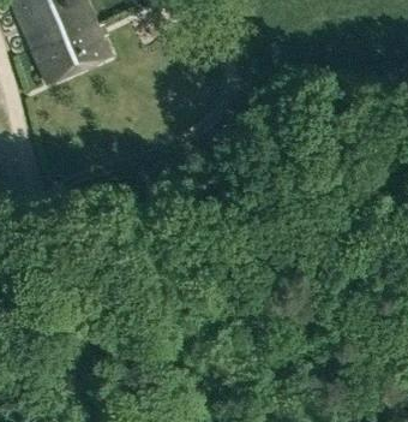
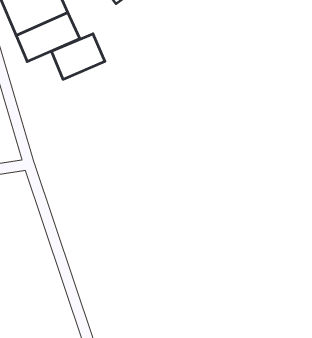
building: none -> [51,34,105,79]

